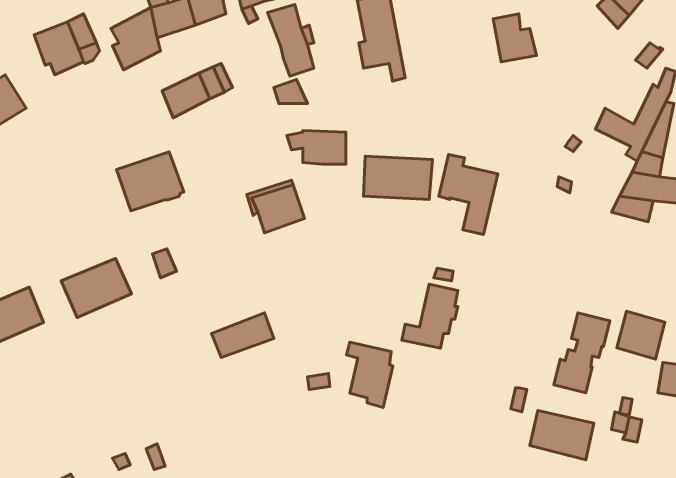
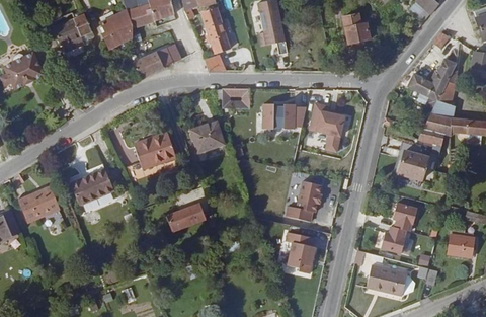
building: [117,152,184,211] -> [134,132,176,169]
building: [617,311,665,359] -> [398,150,428,180]
building: [346,342,393,408] -> [287,232,316,273]

